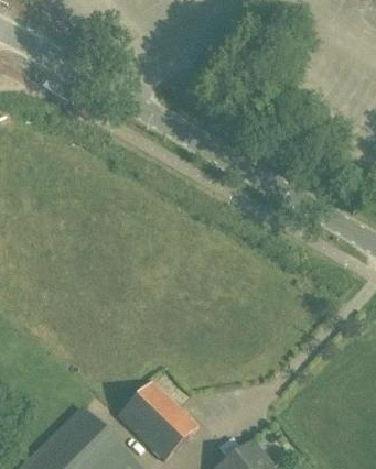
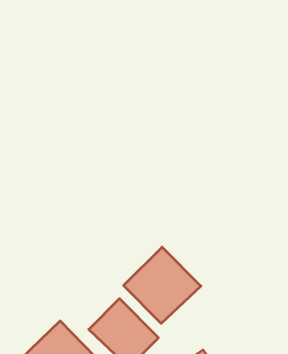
building: none -> [124,247,201,323]

